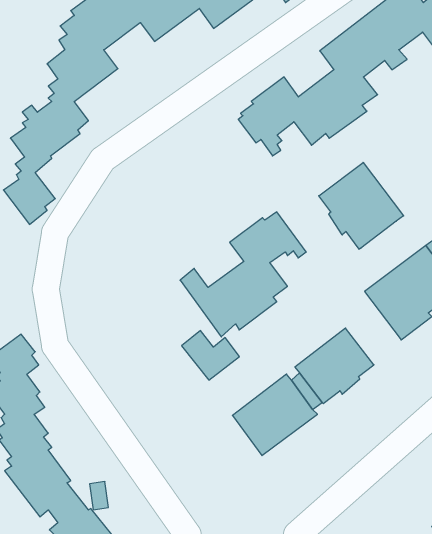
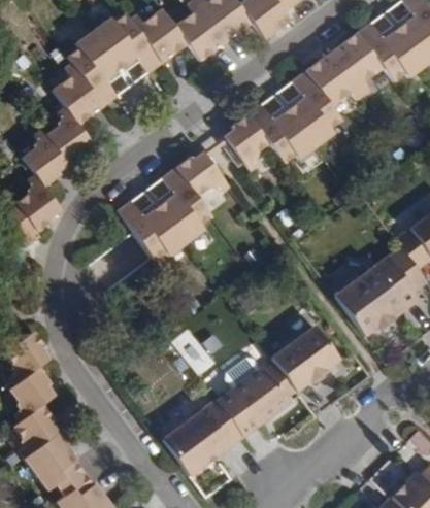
building: [319,162,404,249] -> none
building: [180,212,306,337] -> [121,151,231,261]
building: none -> [162,399,242,475]

